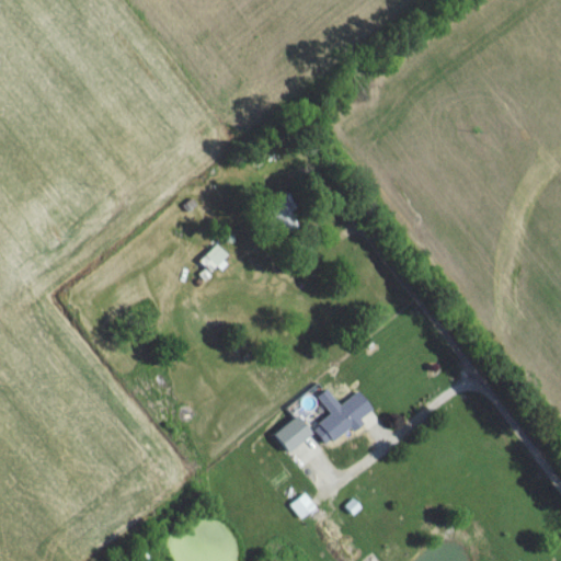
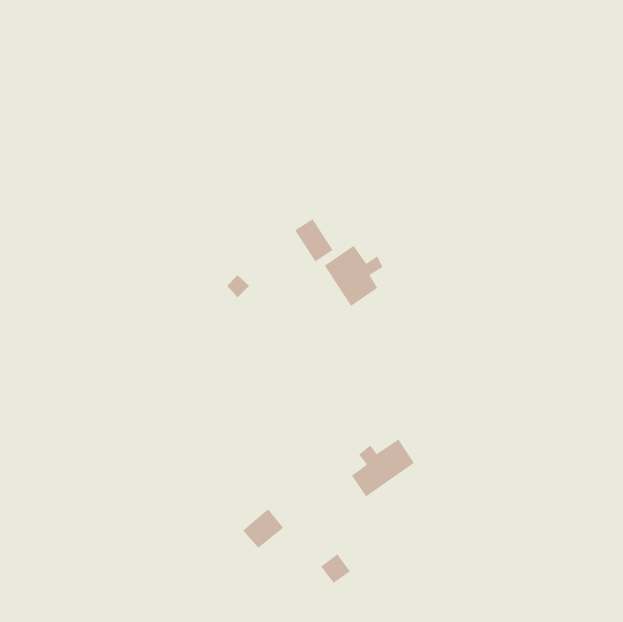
building: none -> [324,245,384,307]
building: [274,415,311,451] -> [242,508,284,549]

